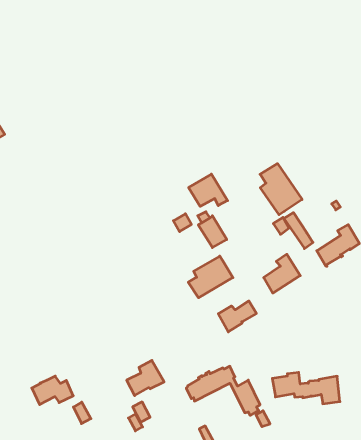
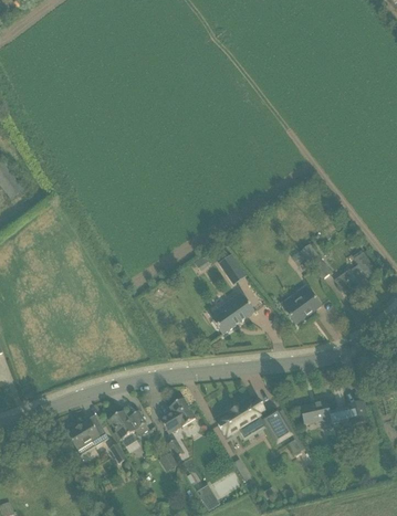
building: [260,164,302,215] -> none
building: [189,174,228,206] -> none
building: [218,301,256,332] -> none
building: none -> [108,410,145,446]

